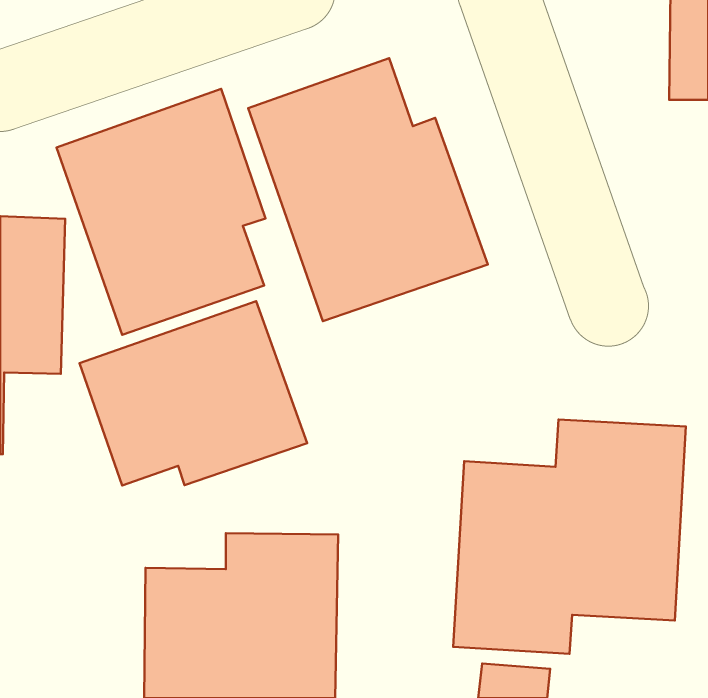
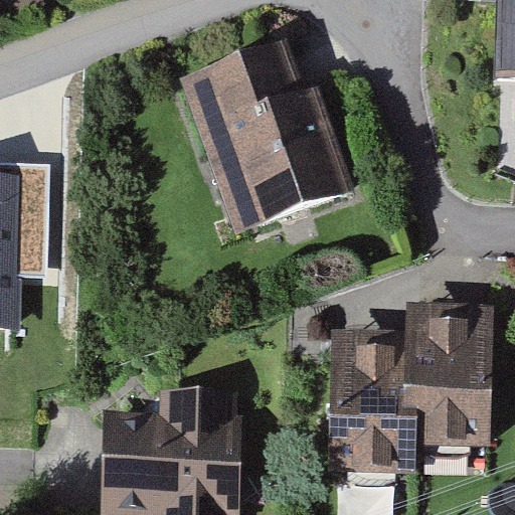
building: [57,89,265,335] -> none
building: [79,301,307,486] -> none

